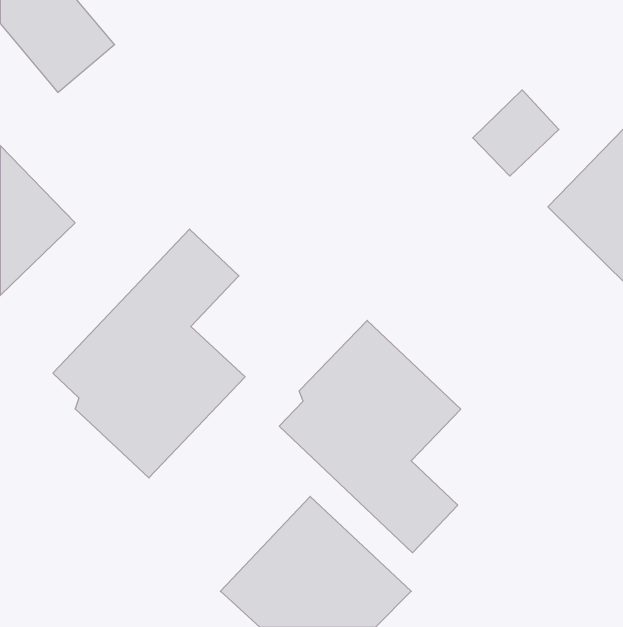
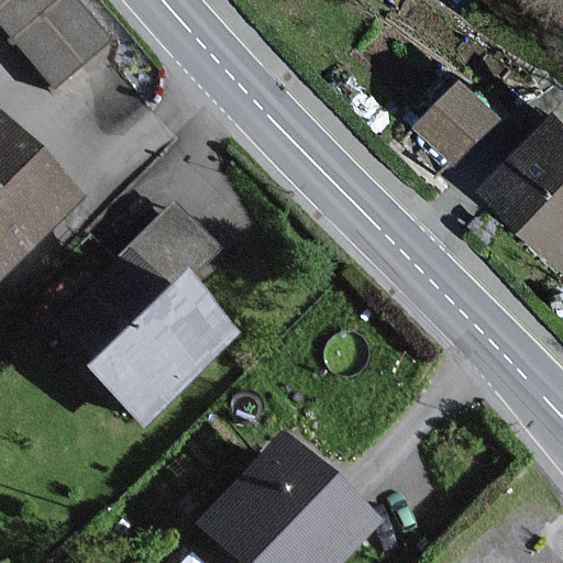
building: [279,320,461,553] -> none

